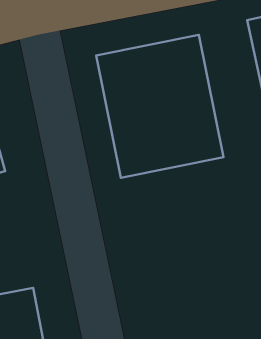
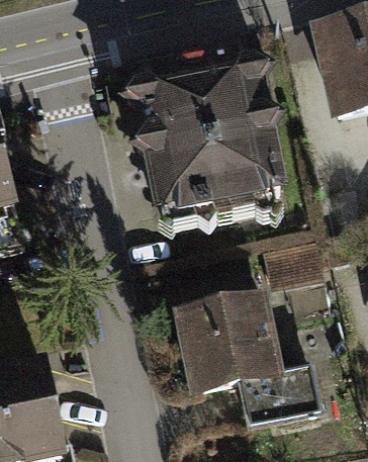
building: none -> [189,292,287,398]

